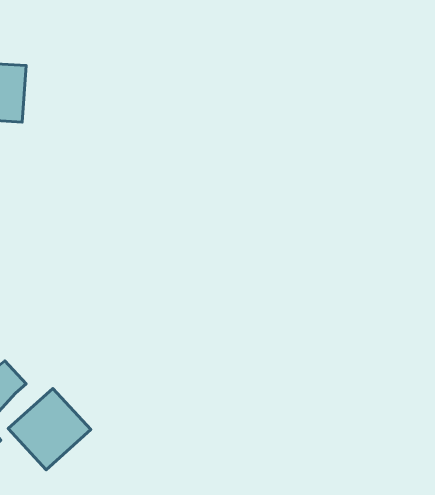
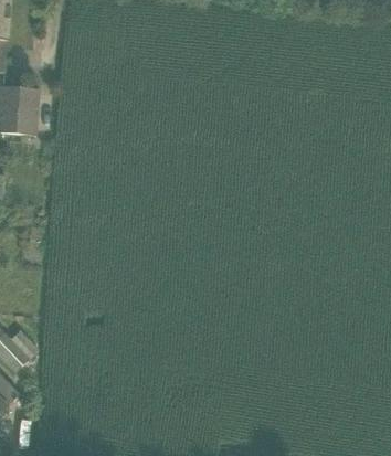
building: [8,388,91,470] -> none

